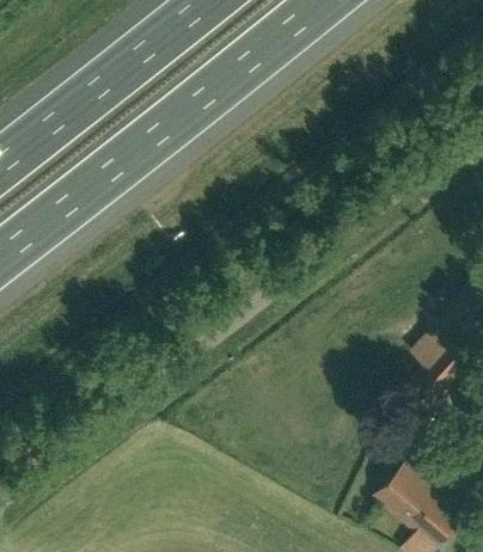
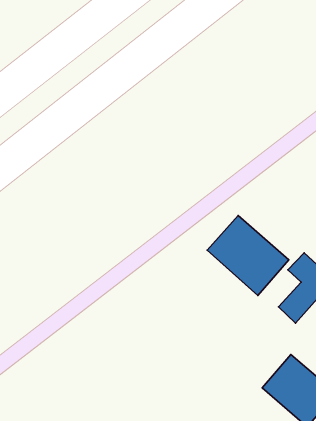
building: none -> [207,215,289,296]

